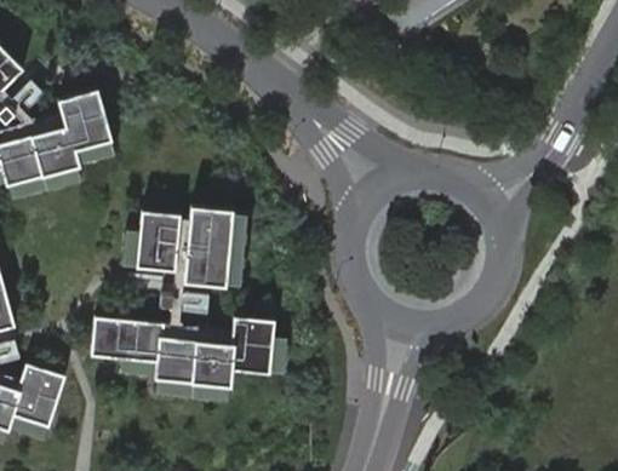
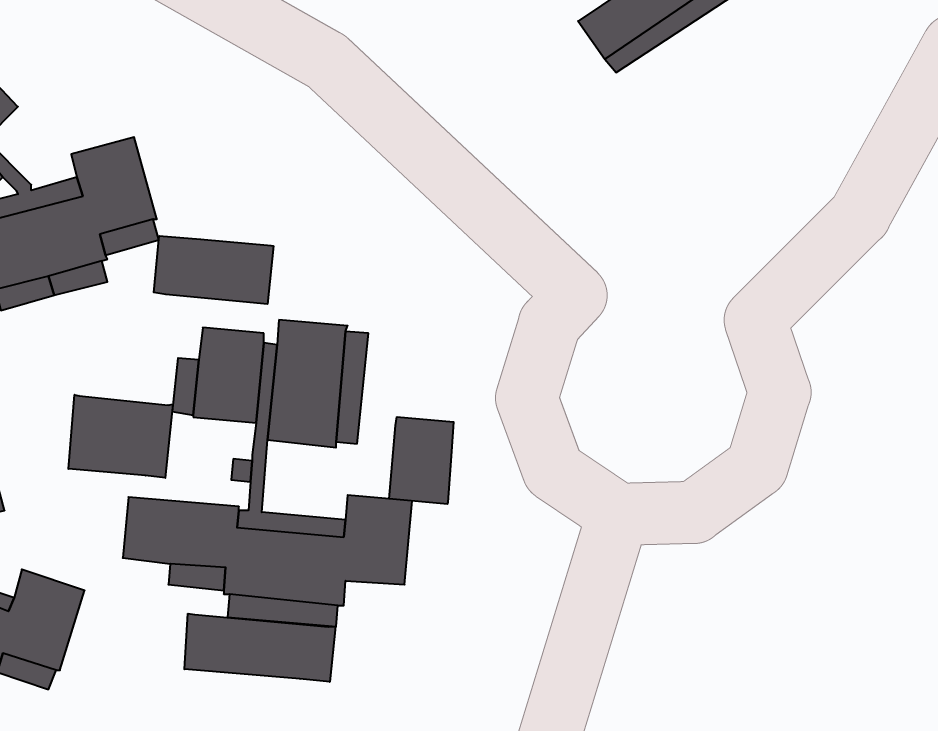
building: none -> [154,236,273,304]
building: none -> [68,395,173,478]
building: none -> [389,417,454,504]
building: none -> [184,614,335,682]

